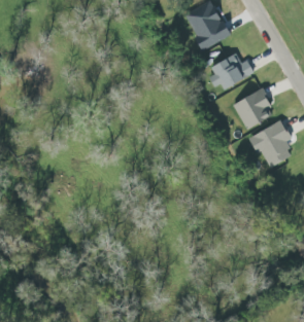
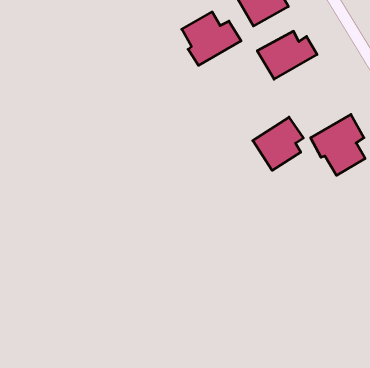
building: none -> [182,12,241,65]
building: [232,87,272,130] -> [253,117,303,170]

